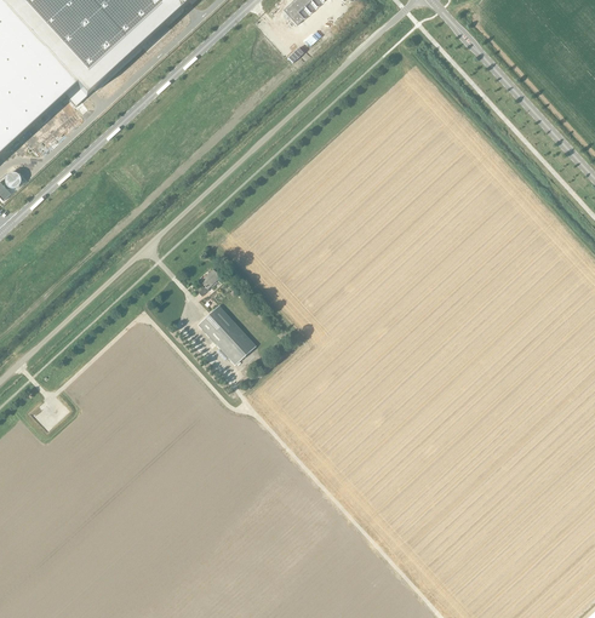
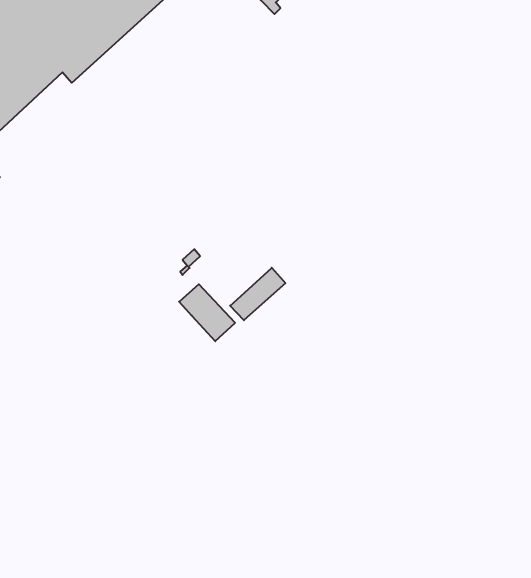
building: none -> [230,268,285,320]

